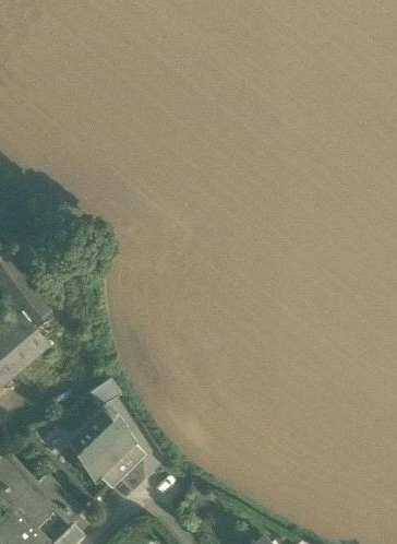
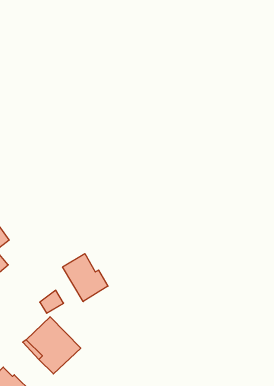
building: none -> [63,254,108,302]

